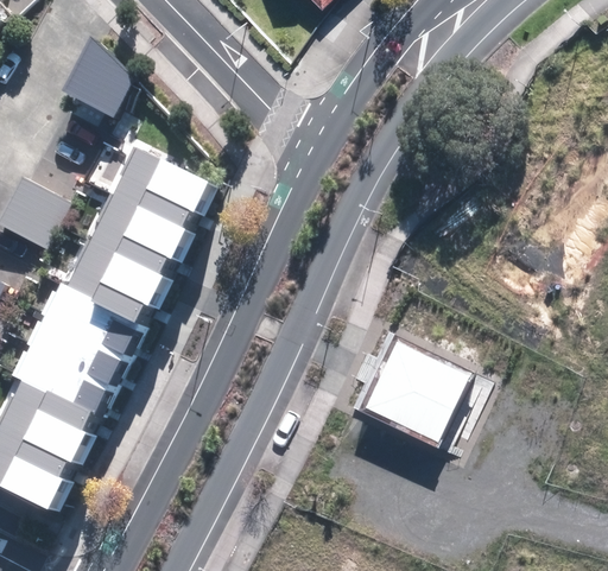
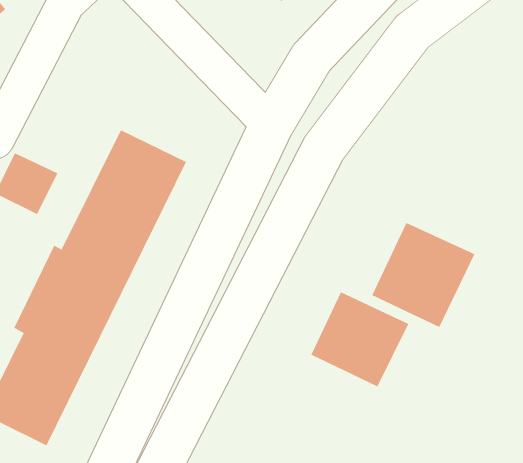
building: [56,33,128,115] -> none
building: none -> [372,222,475,328]

